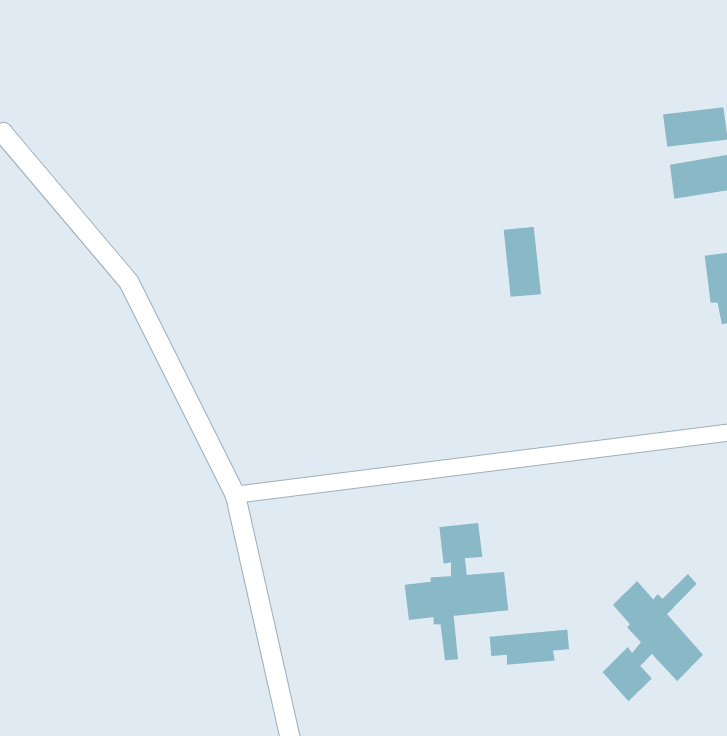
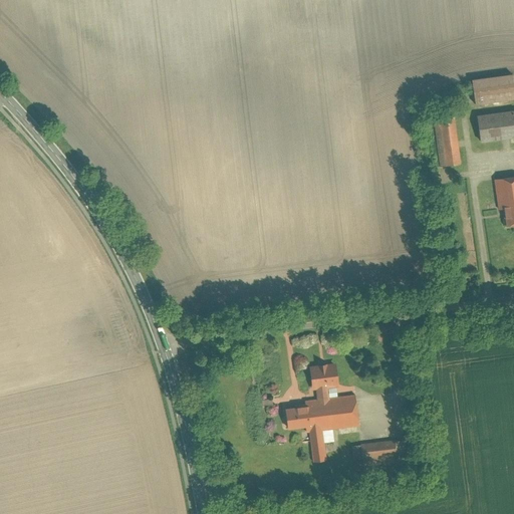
building: [503,227,542,297] -> [430,116,457,166]
building: [602,573,704,702] -> none

